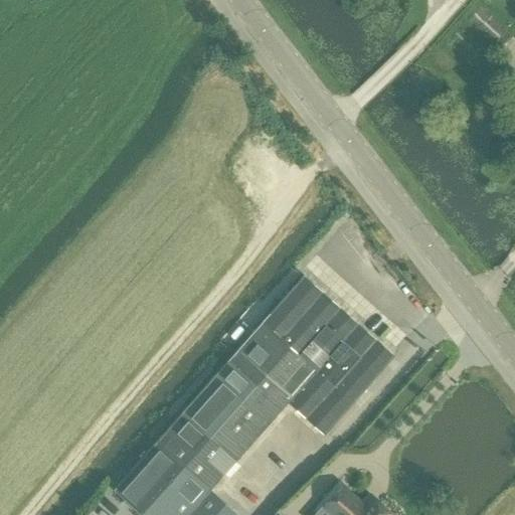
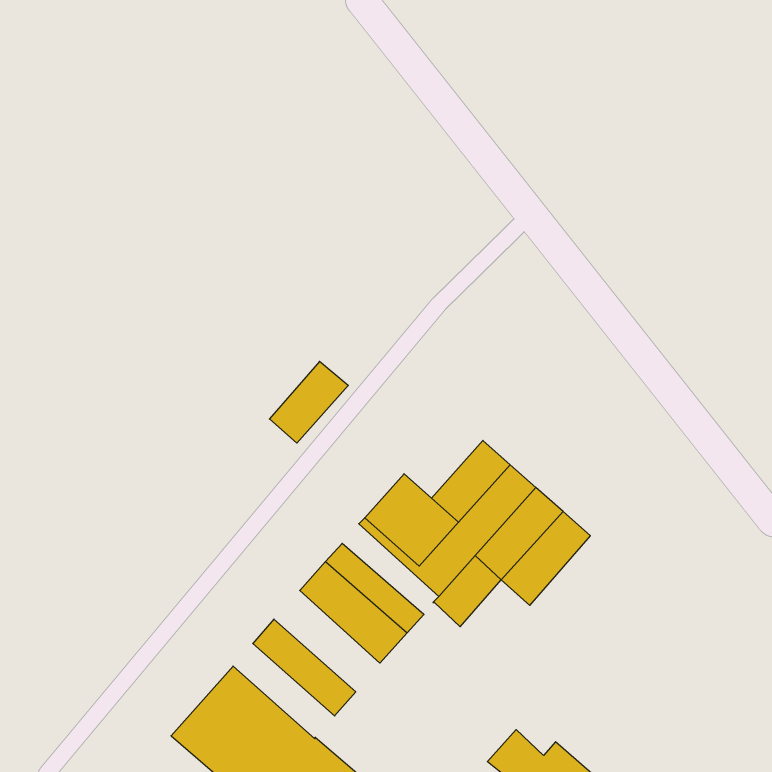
building: [270,278,322,332] -> [269,361,348,443]
building: [228,349,293,409] -> none
building: [307,386,353,434] -> none
building: [183,393,253,461] -> none
building: [156,428,223,492] -> none

